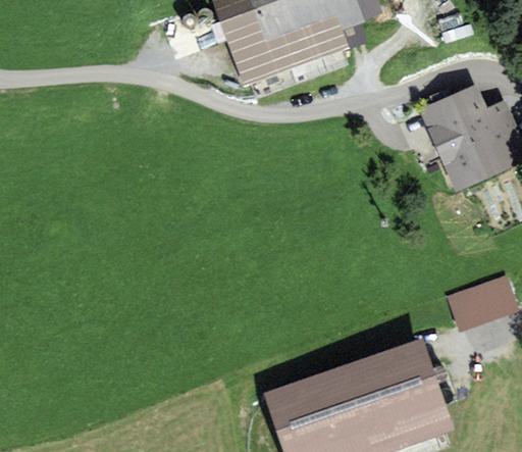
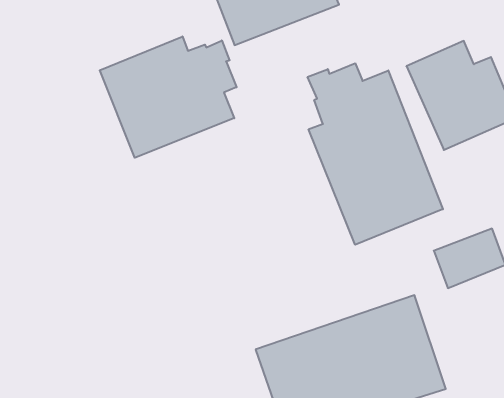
building: none -> [100,36,237,158]
building: none -> [308,63,443,245]

